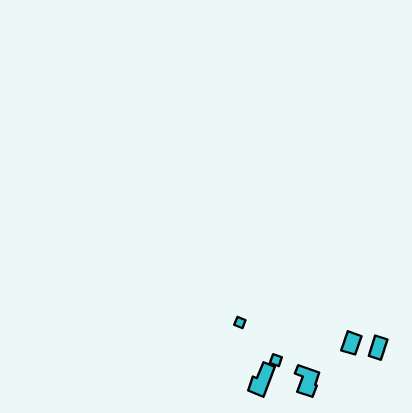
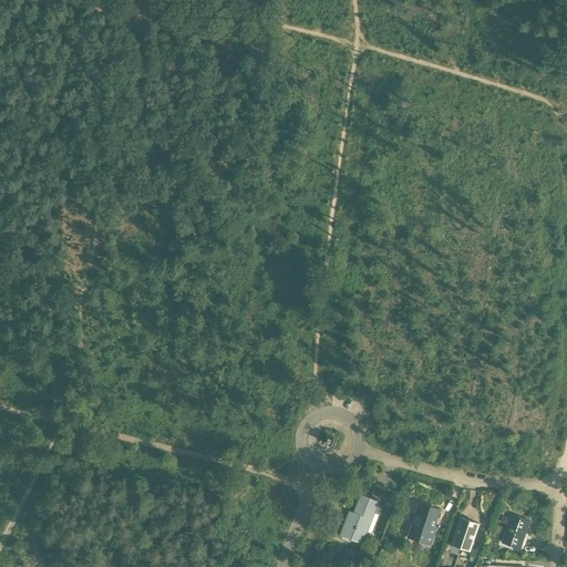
building: [341,331,362,355] -> [451,517,478,549]
building: [369,336,387,360] -> [503,515,528,548]

